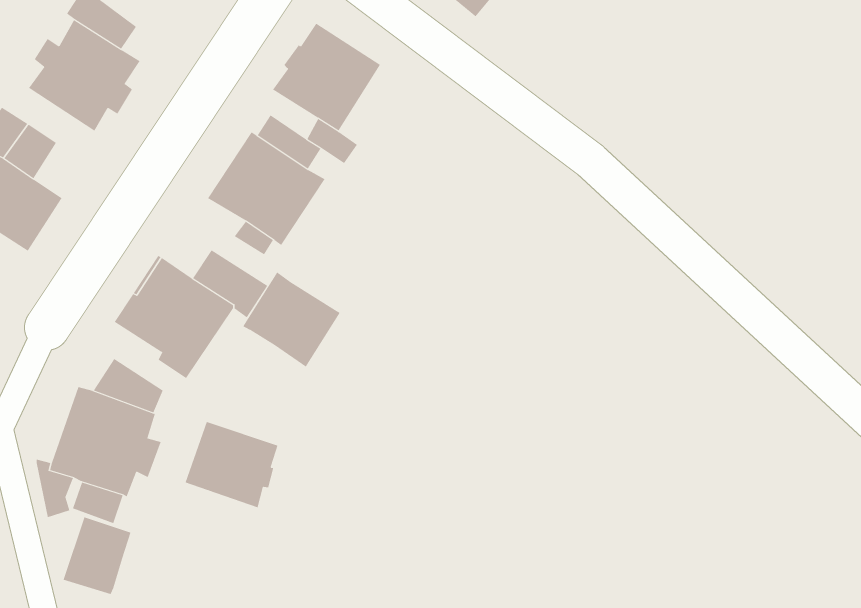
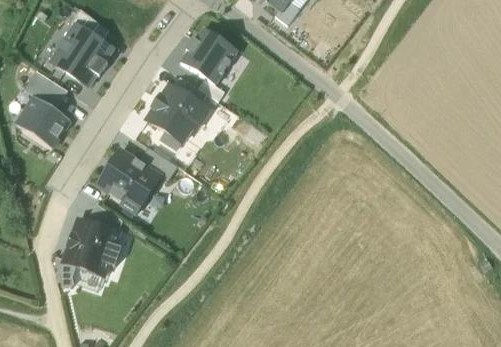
building: [243,271,341,367] -> none
building: [185,421,278,508] -> none
building: [63,517,131,595] -> none

